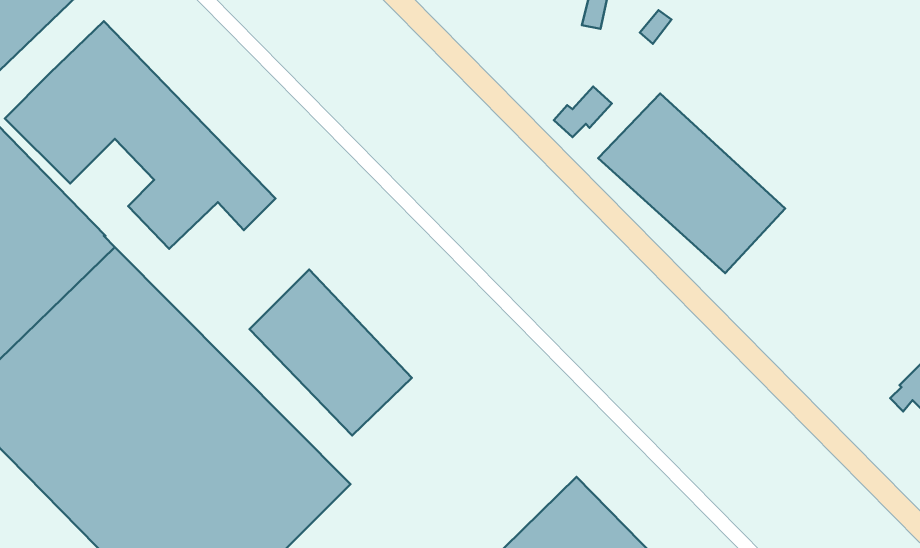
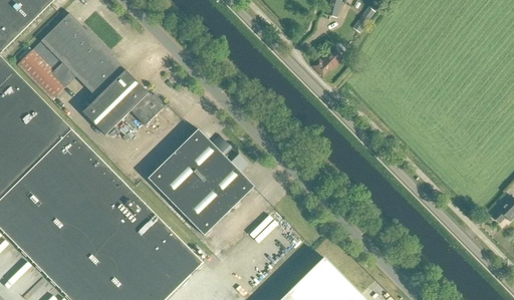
building: [598,93,785,273] -> none
building: none -> [180,129,253,205]

